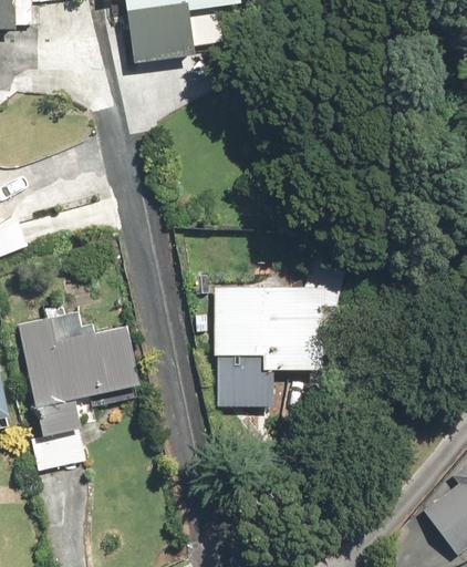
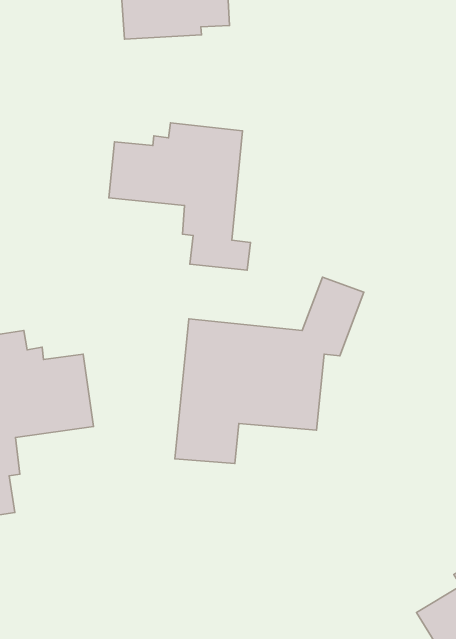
building: none -> [109,123,251,270]

